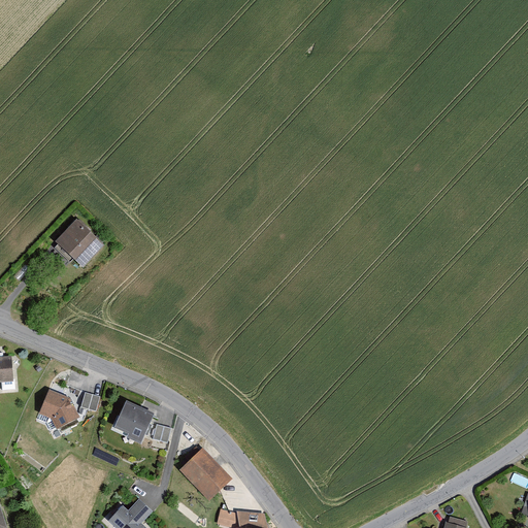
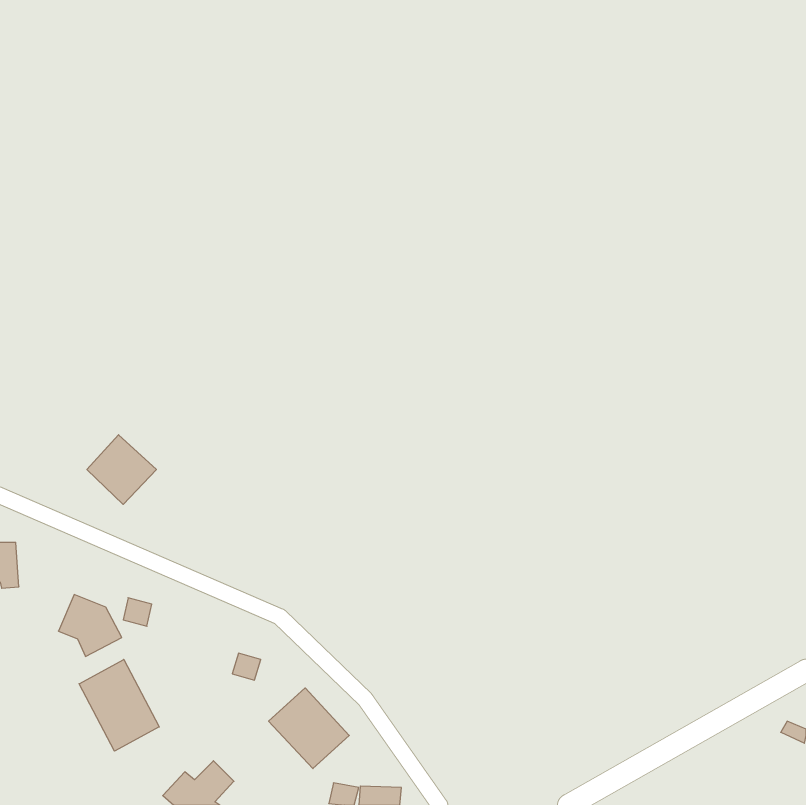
building: [59,223,104,268] -> [87,435,156,504]
building: [113,399,154,440] -> none
building: none -> [79,659,159,751]

